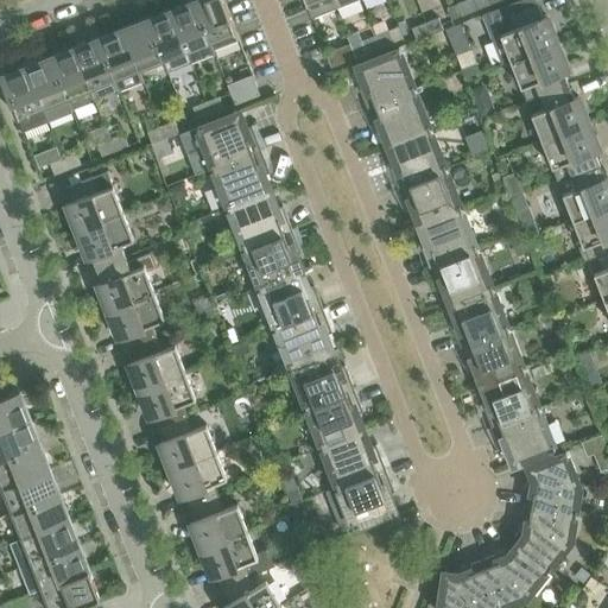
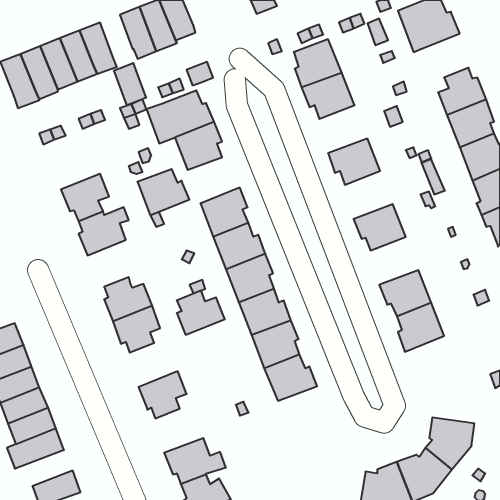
building: [121,20,160,71] -> [114,63,146,105]
building: [508,43,566,102] -> none
building: [386,129,444,188] -> none
building: [63,172,121,232] -> none
building: [227,192,290,248] -> [137,169,189,215]
building: [417,209,475,267] -> none
building: [448,289,506,347] -> none
building: [106,292,163,349] -> none
building: [489,408,553,466] -> none
building: [157,417,215,470] -> [177,291,225,335]
building: [522,452,578,514] -> none
building: [324,469,394,532] -> none
building: [188,496,246,550] -> none
building: [18,546,88,595] -> none

